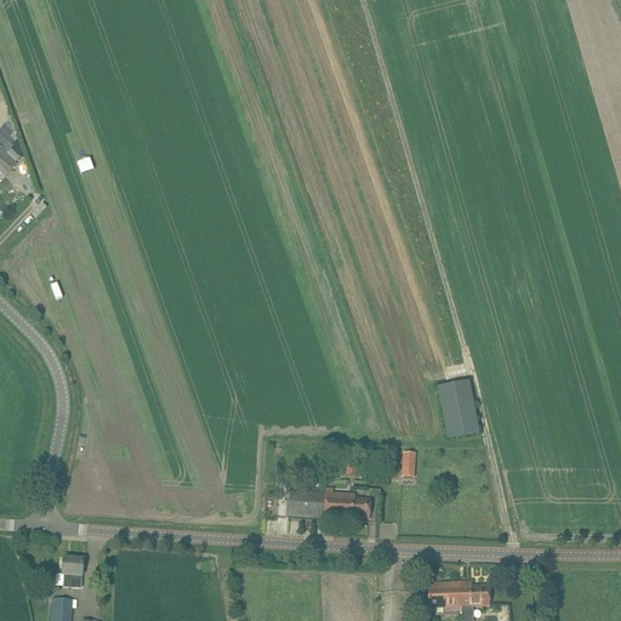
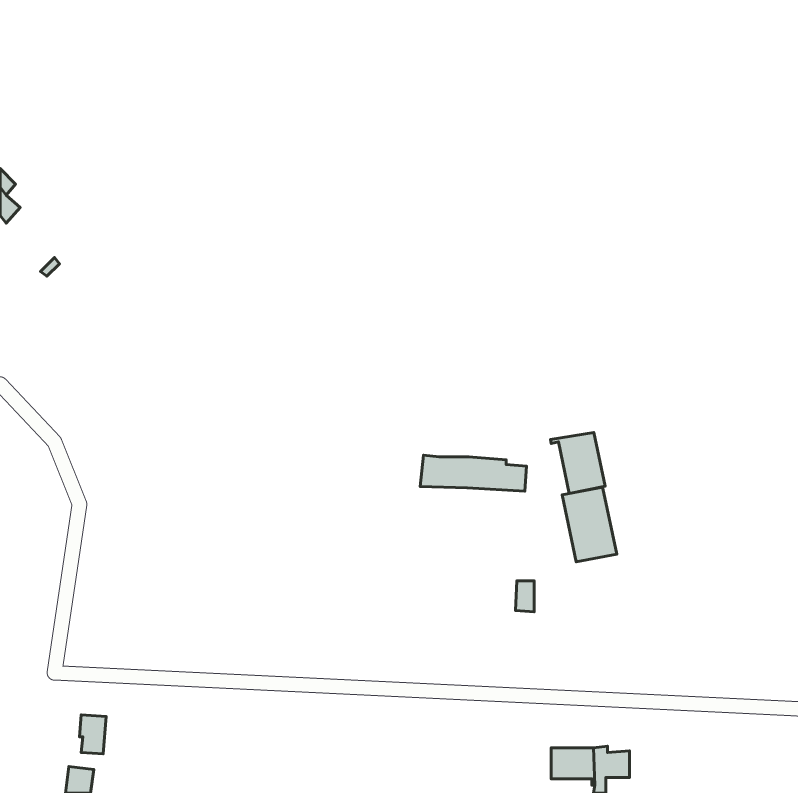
building: none -> [550,432,605,494]
building: [287,489,370,517] -> [420,455,526,491]

